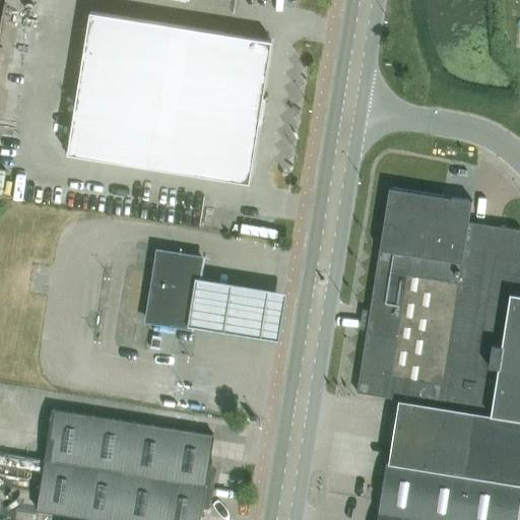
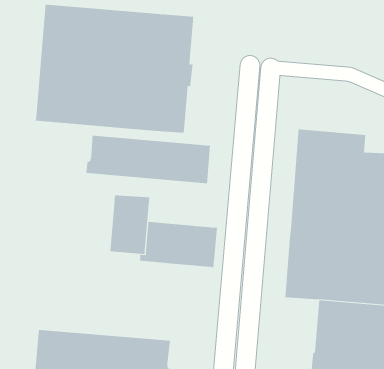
building: none -> [86,135,211,184]

